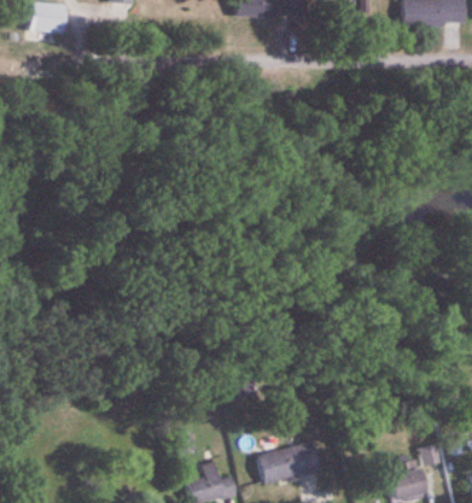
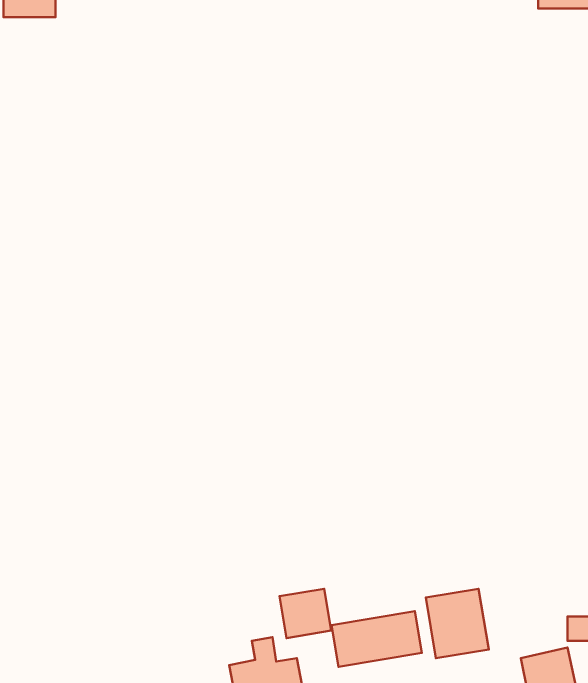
building: none -> [426,589,489,658]
building: none -> [279,589,331,638]

